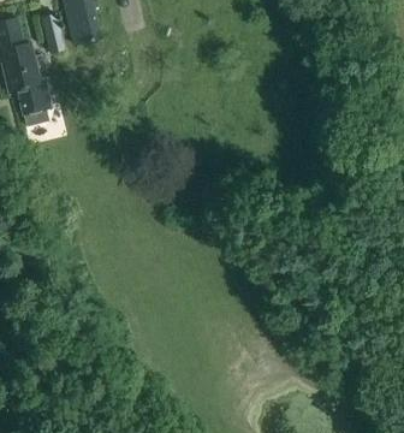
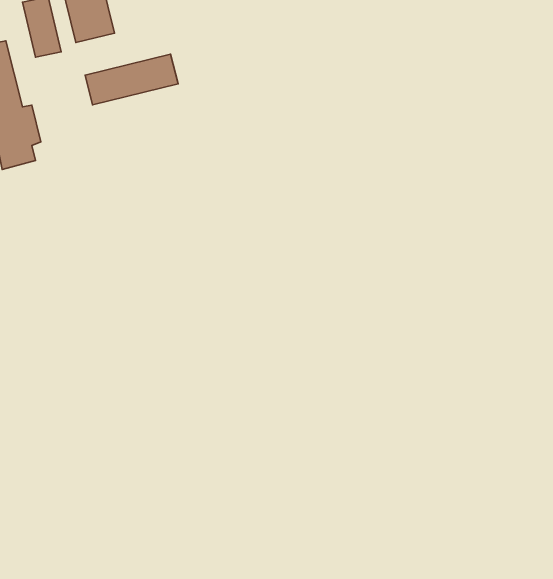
building: none -> [85,54,178,105]

